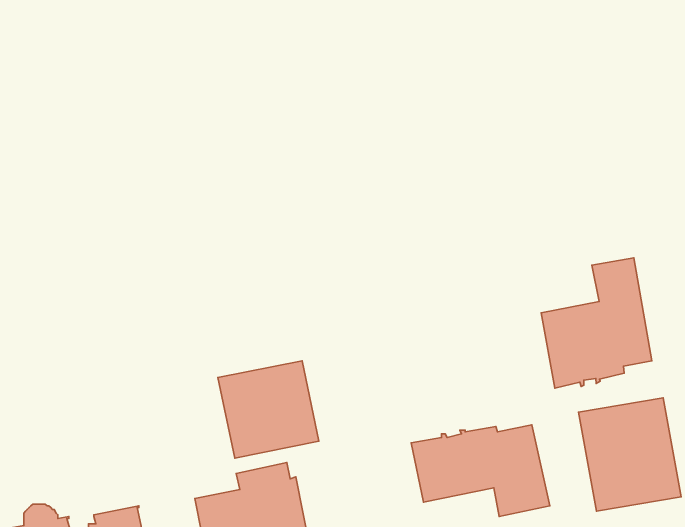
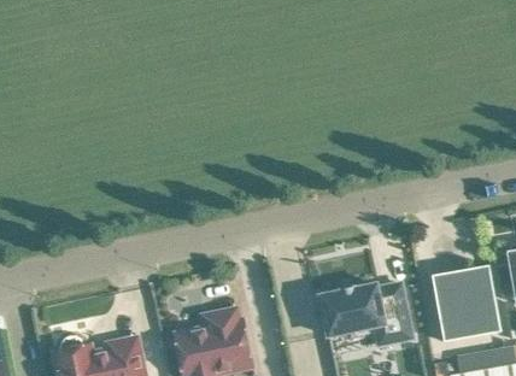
building: [541,258,652,388] -> none
building: [218,361,319,458] -> none

